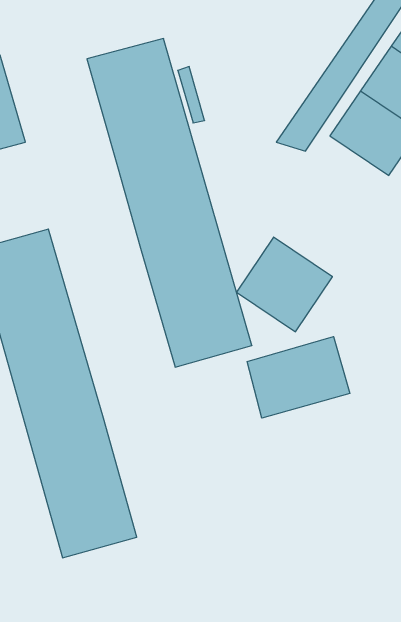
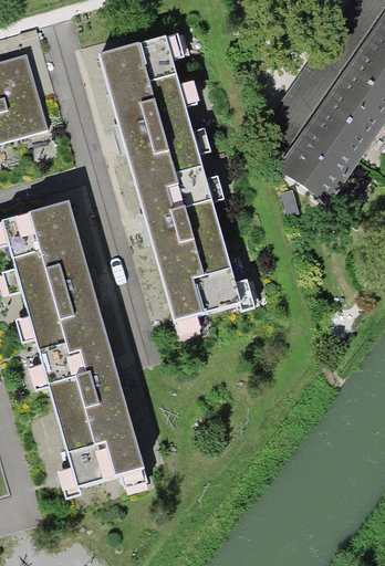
building: [237,237,332,332] -> [278,120,361,202]
building: [247,337,350,418] -> none

